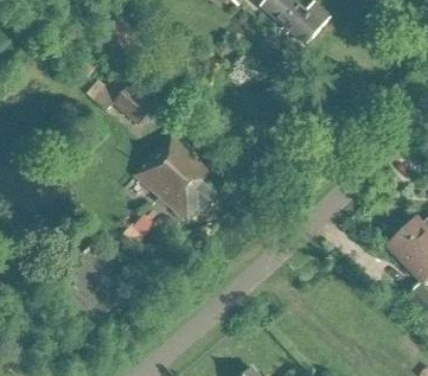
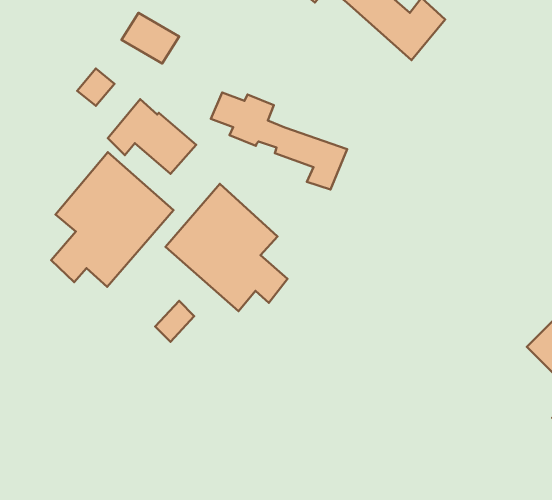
building: none -> [211,92,347,189]
building: none -> [51,152,173,287]

